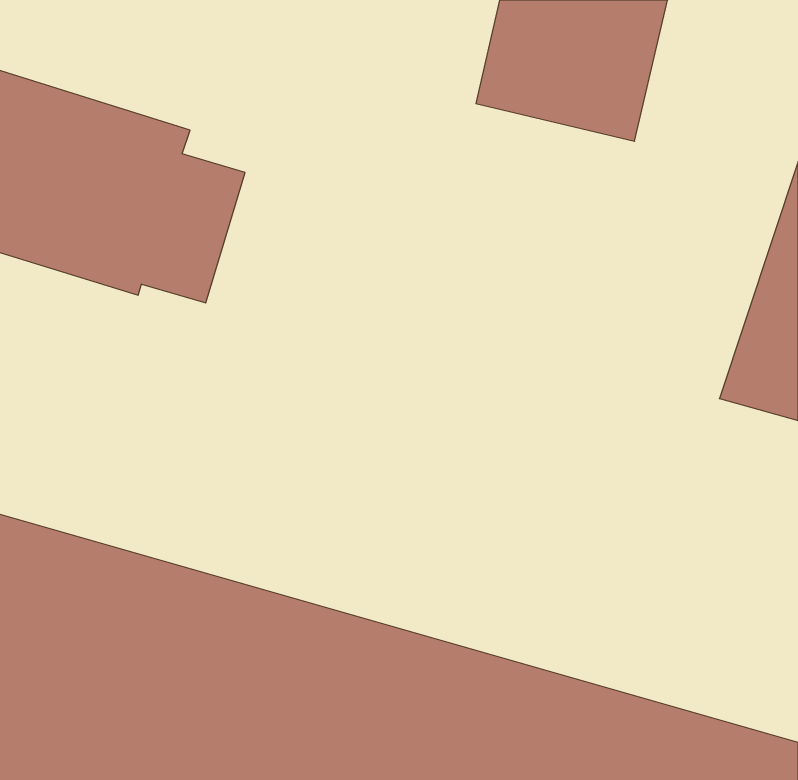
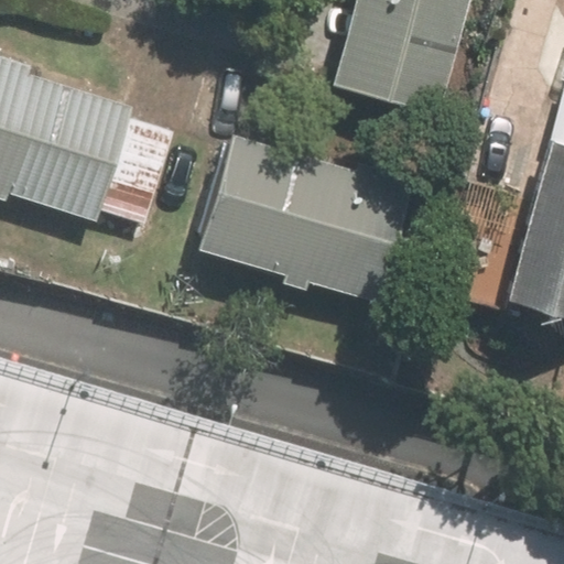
building: none -> [194,128,417,305]

